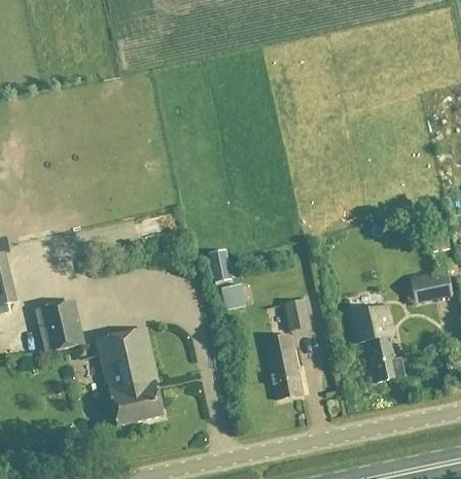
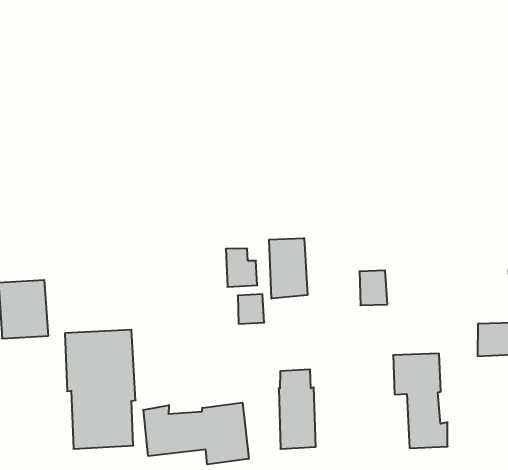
building: none -> [269,238,307,299]
building: [284,300,310,330] -> [359,270,387,305]
building: none -> [143,403,249,464]

